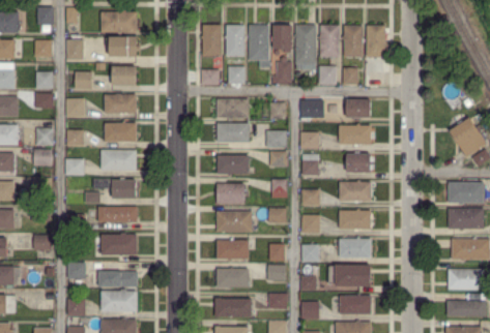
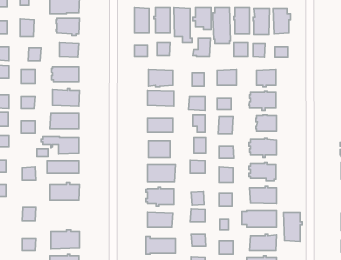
building: none -> [284,213,302,241]
building: [99,271,137,285] -> none

